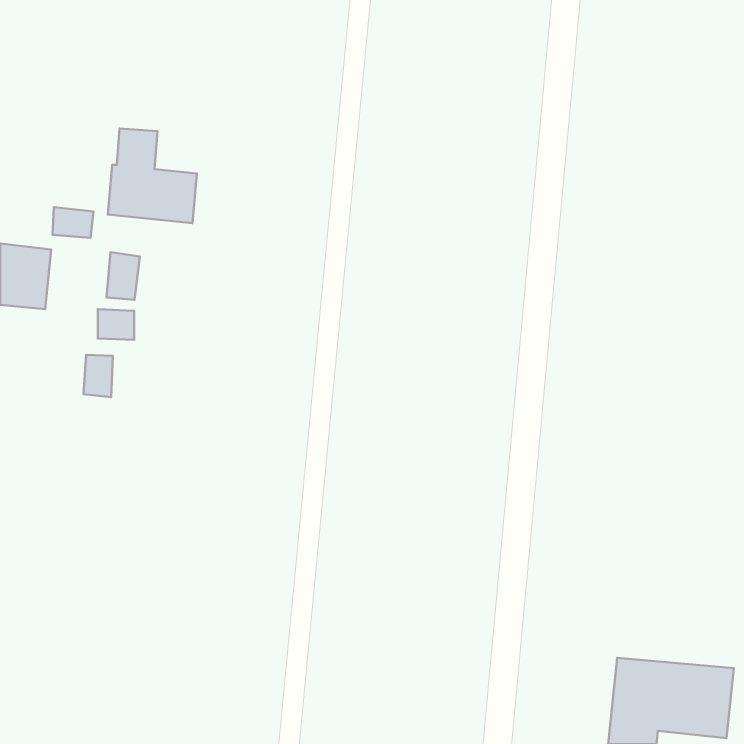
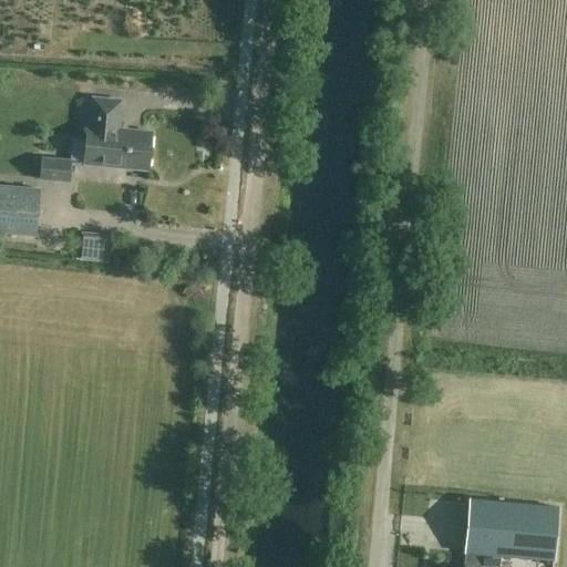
building: [107,252,140,300] -> none
building: [83,355,113,397] -> none

